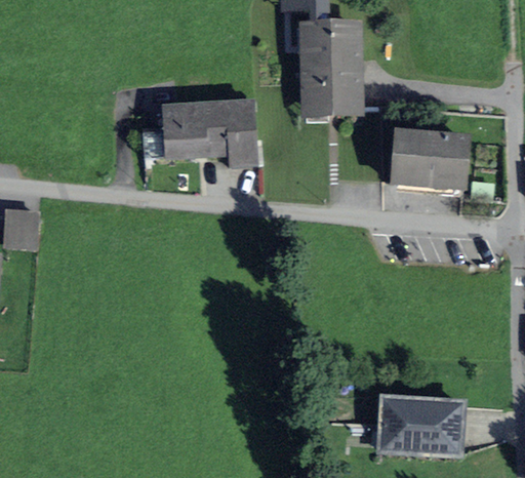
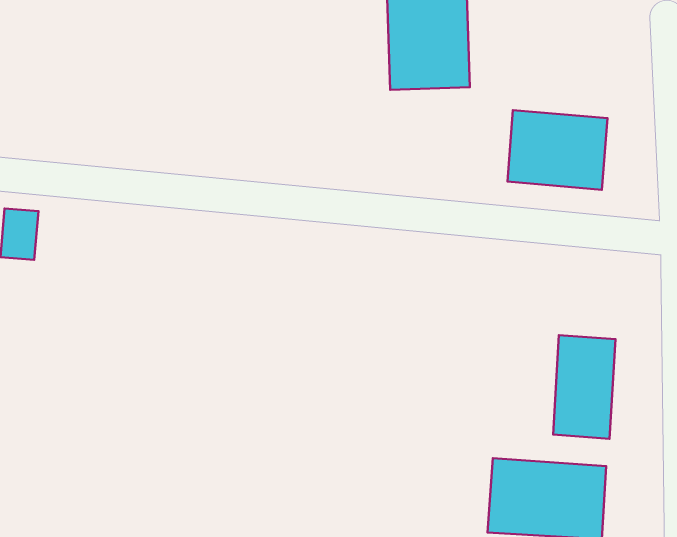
building: [162,97,256,164] -> none
building: none -> [553,335,615,439]

